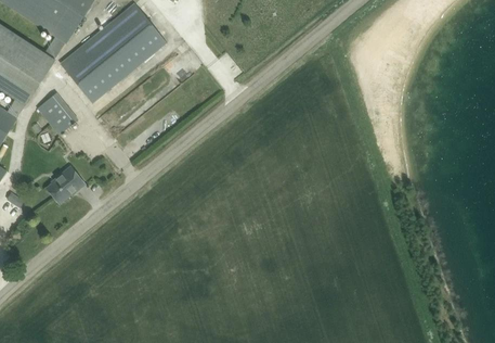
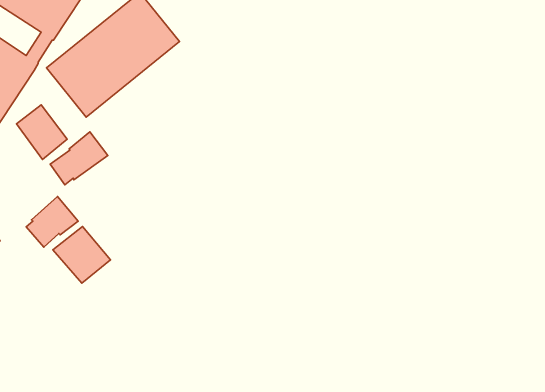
building: none -> [50,132,108,185]
building: none -> [53,227,110,283]

